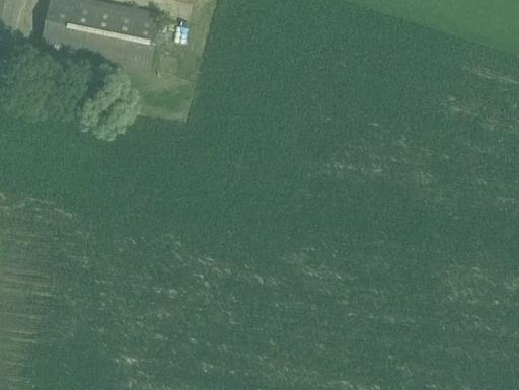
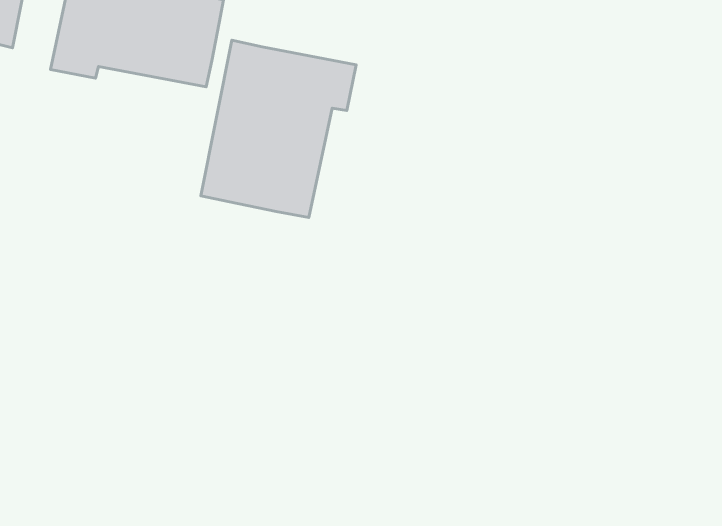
building: none -> [201,40,356,217]

